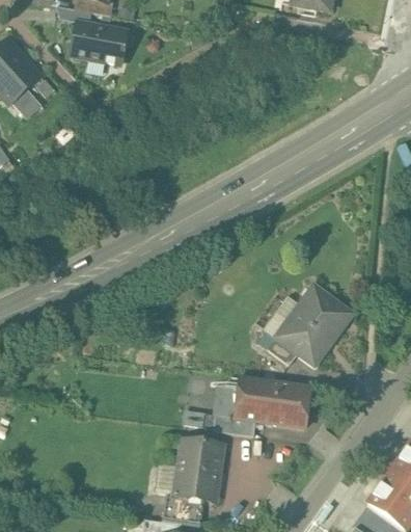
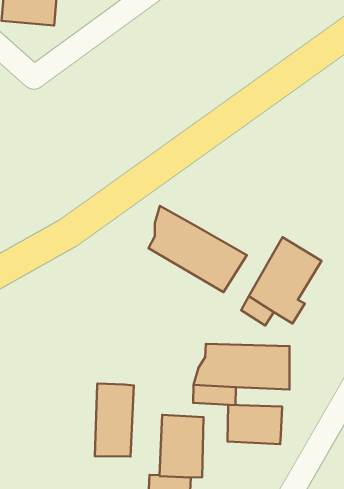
building: none -> [148,206,247,292]
building: none -> [95,383,134,457]
building: none -> [227,405,282,444]

